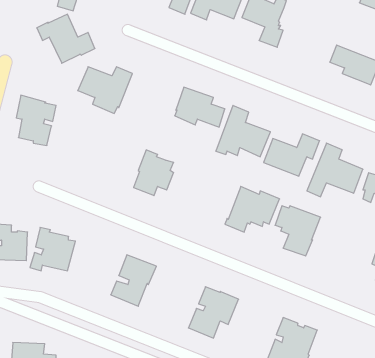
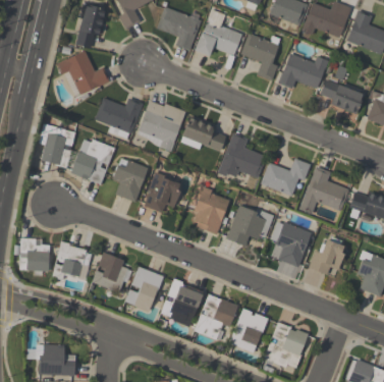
building: none -> [277,54,328,89]
building: none -> [136,101,185,152]
building: none -> [70,140,115,184]
building: none -> [111,158,148,203]
building: none -> [193,185,229,234]
building: none -> [308,236,344,275]
building: none -> [91,253,127,292]
building: none -> [160,279,202,327]
building: none -> [228,309,268,352]

